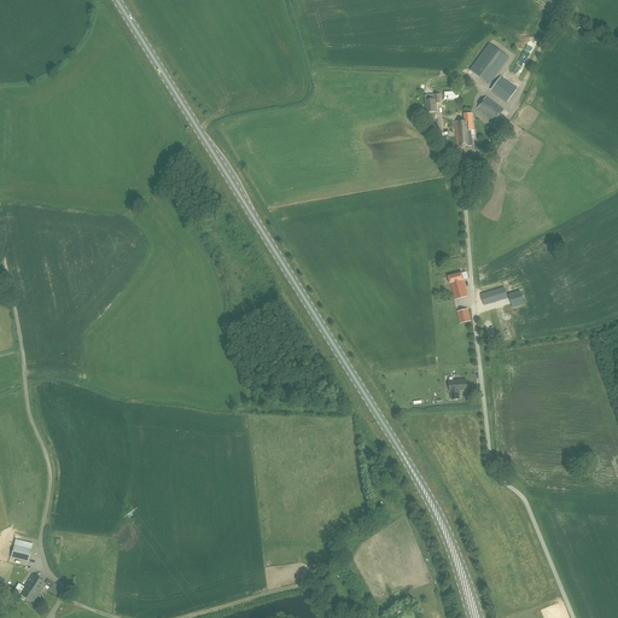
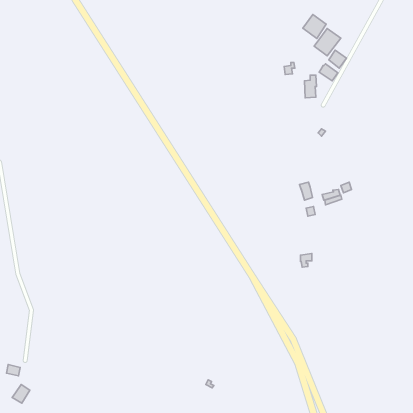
building: none -> [303,15,326,38]

